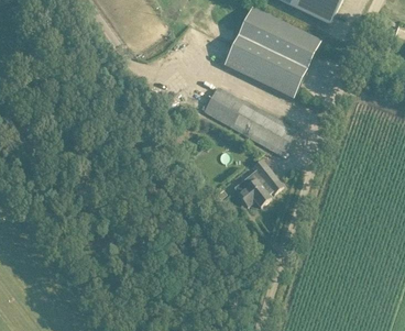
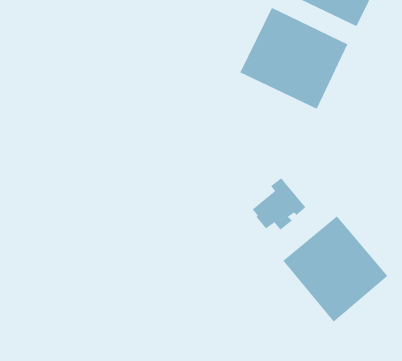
building: [204,86,297,155] -> none
building: none -> [282,215,388,322]

